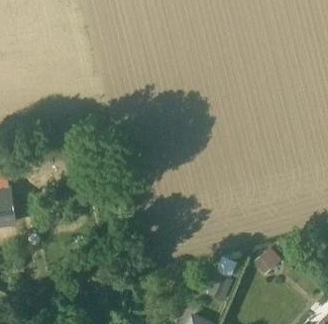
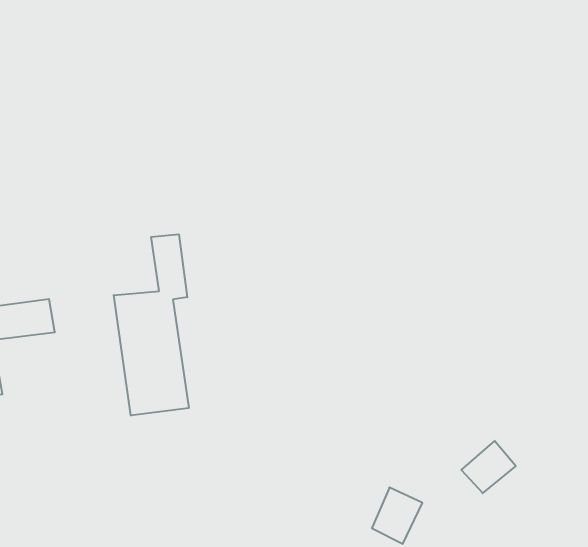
building: none -> [114,234,189,416]

